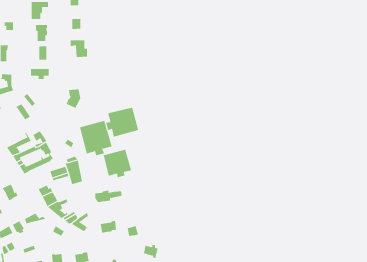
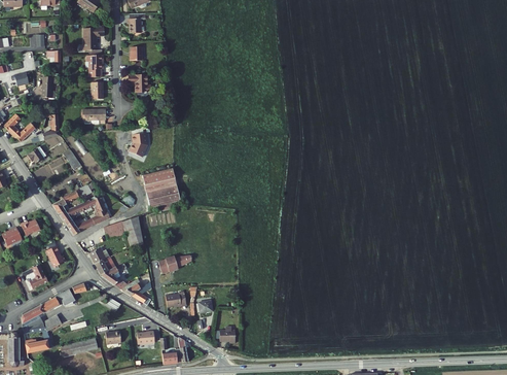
building: [106,107,139,138] -> none
building: [103,149,132,178] -> none

